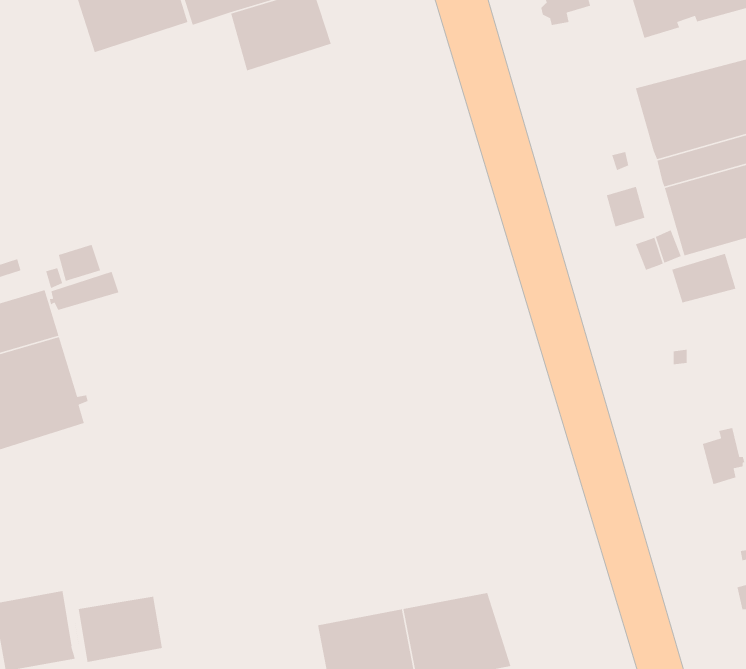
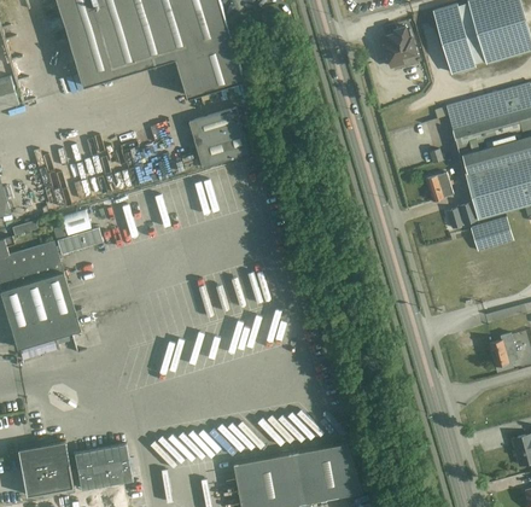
building: none -> [188,106,250,167]

